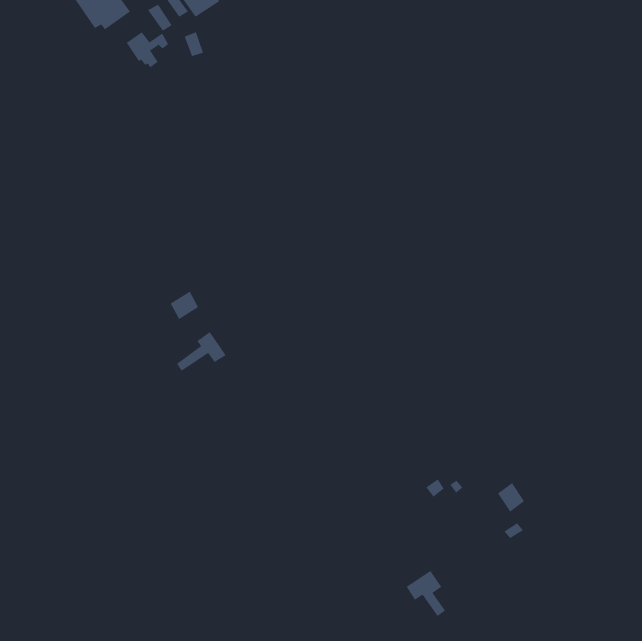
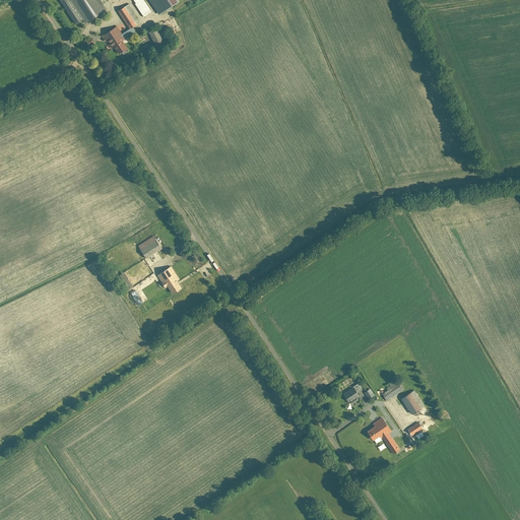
building: [406,570,446,617] -> [366,414,398,452]

